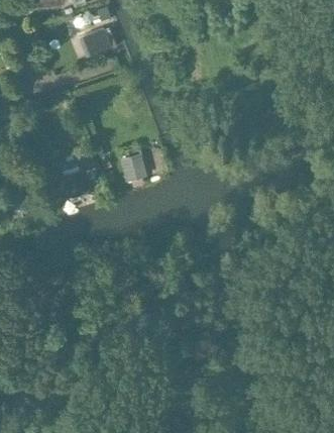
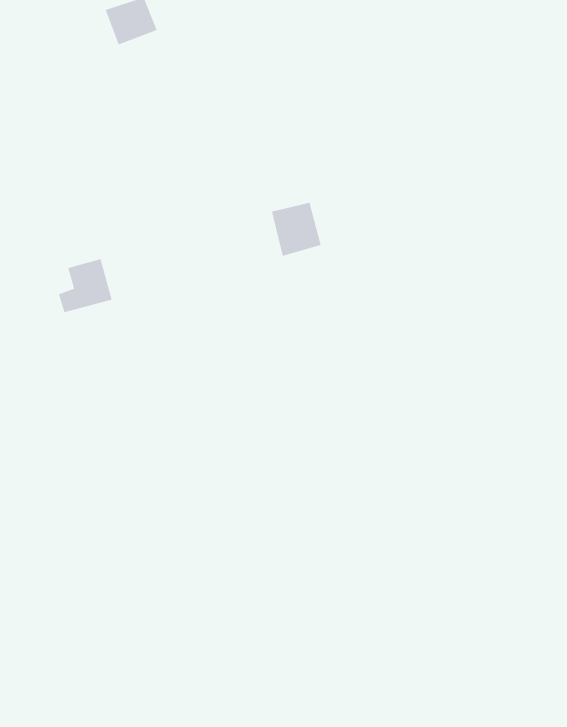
building: [120,151,147,181] -> [271,202,322,257]

